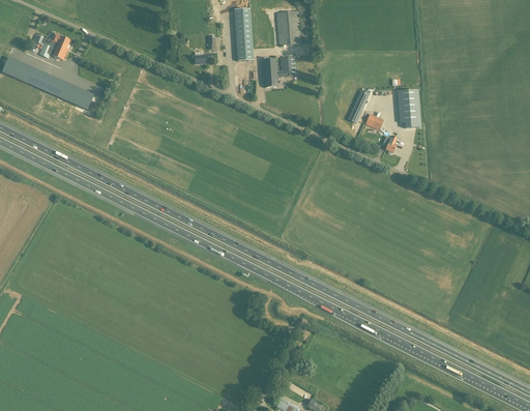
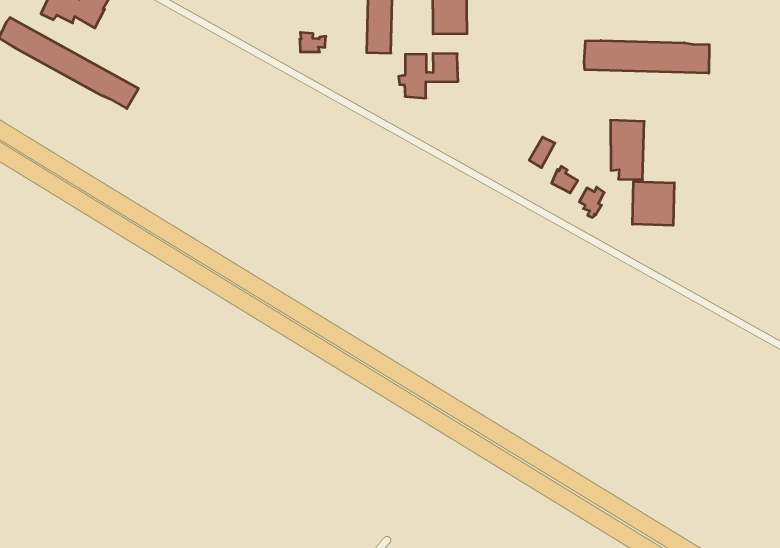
building: none -> [584,40,709,73]
building: none -> [632,182,674,225]

